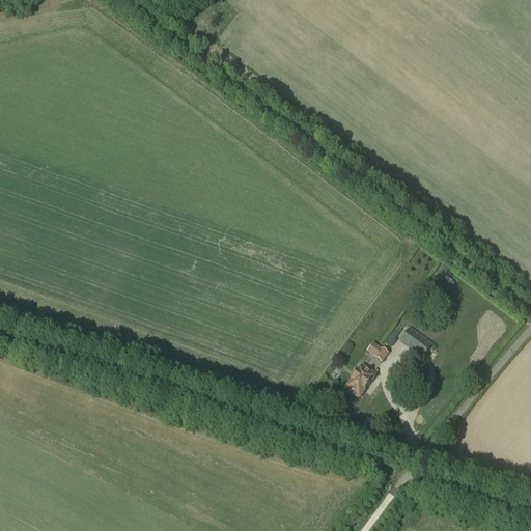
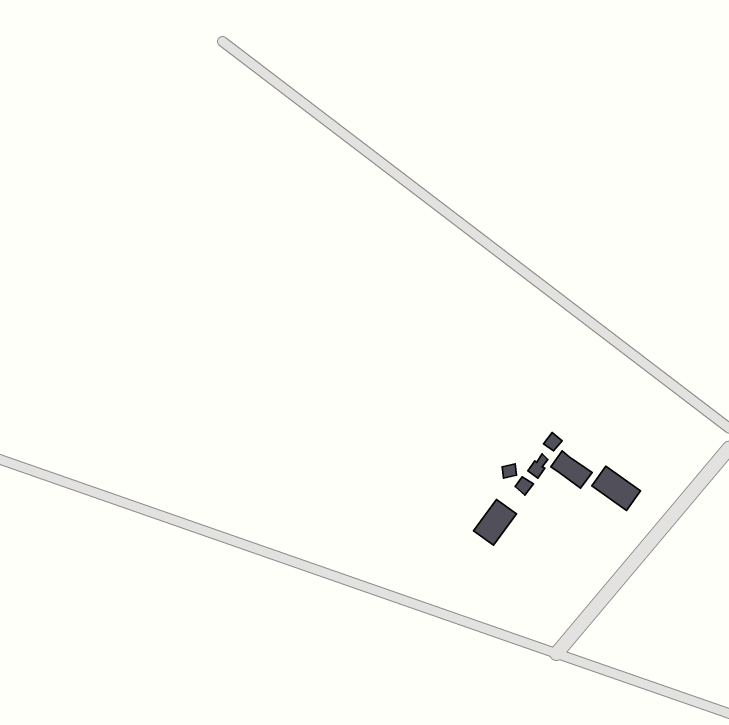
building: none -> [592,466,641,510]

